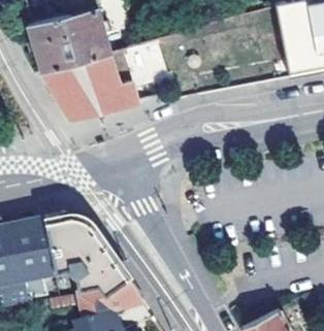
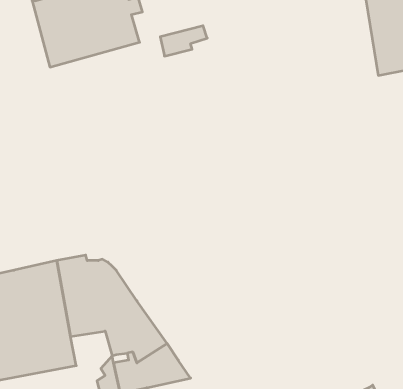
building: [40,54,137,118] -> none

